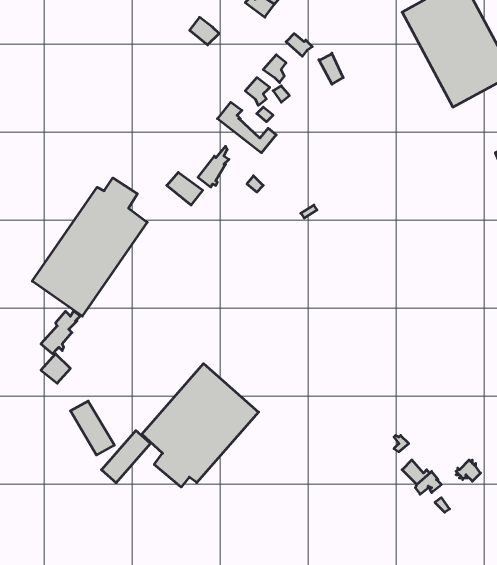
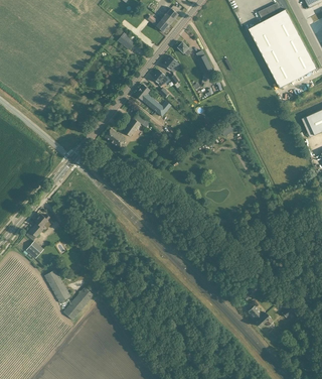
building: [32,178,147,316] -> none
building: [142,364,259,487] -> none

